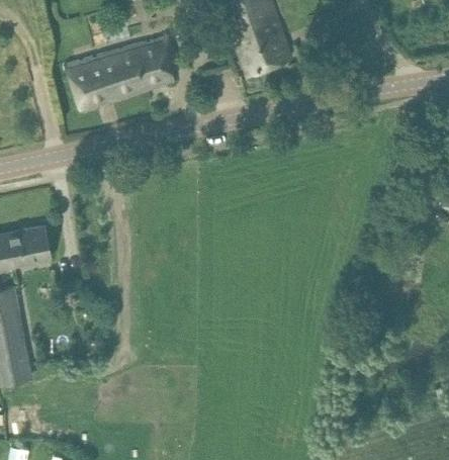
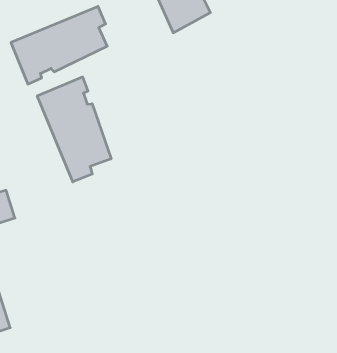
building: none -> [37,77,111,182]

